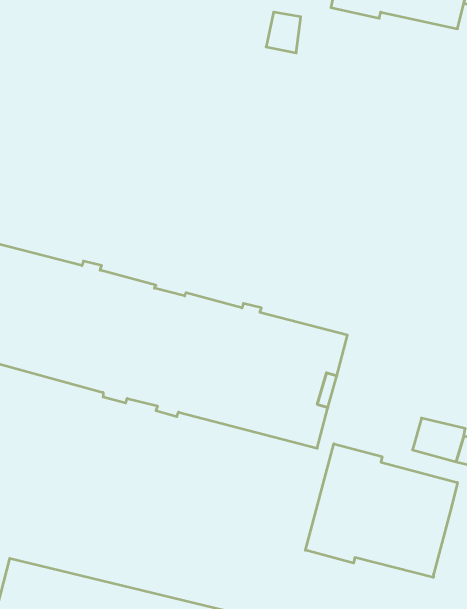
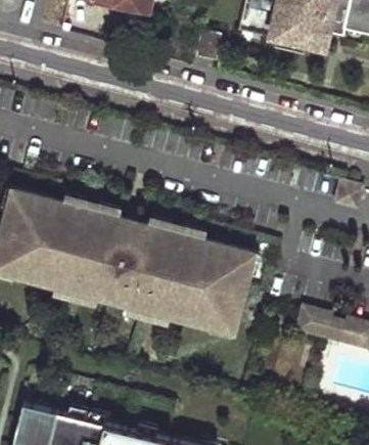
building: [305,444,457,577] -> none

